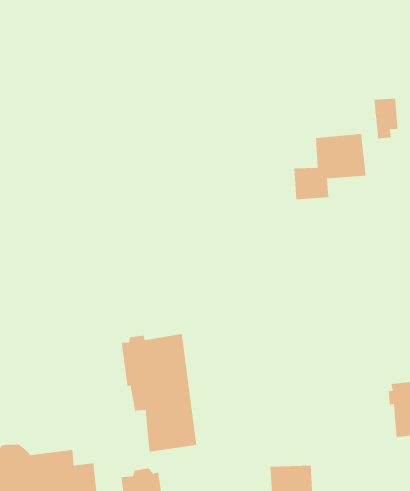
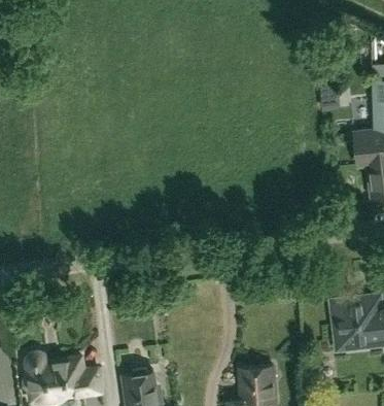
building: [294,133,366,200] -> none
building: [121,333,197,453] -> none

